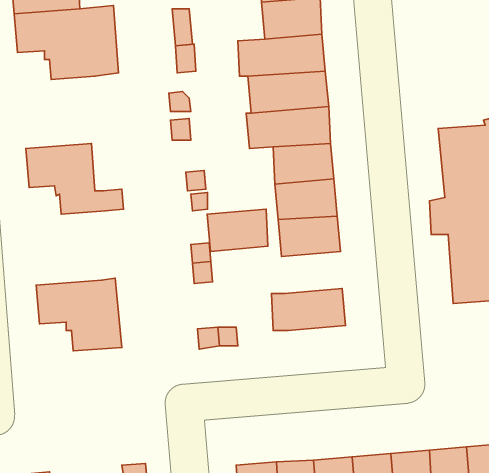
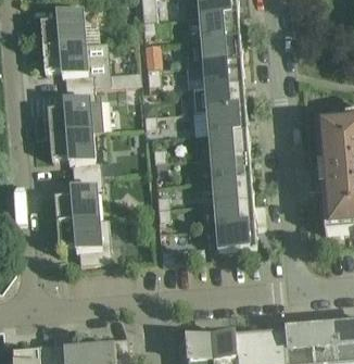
building: none -> [47,86,102,133]
building: [207,209,268,251] -> [214,199,253,226]
building: none -> [53,173,101,221]

